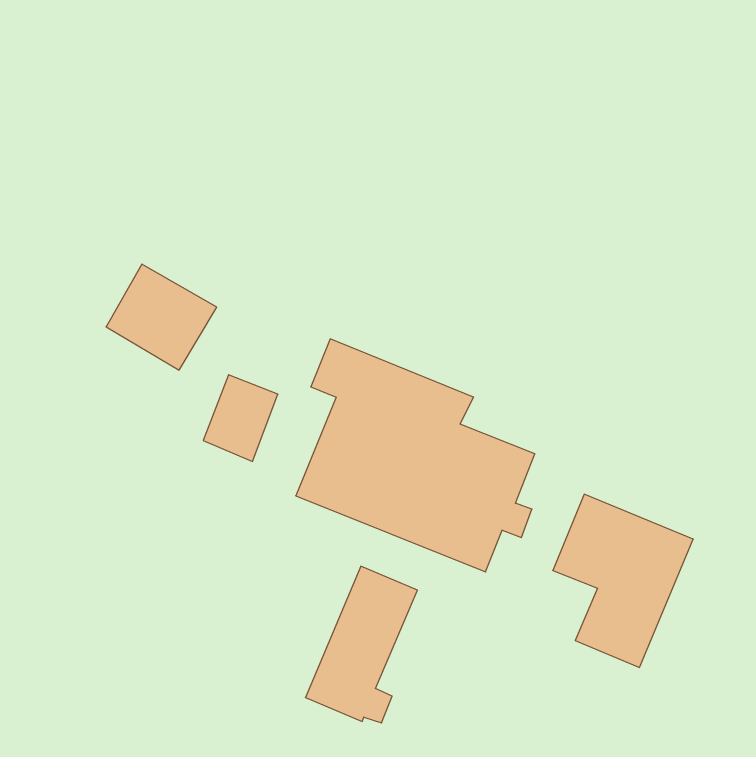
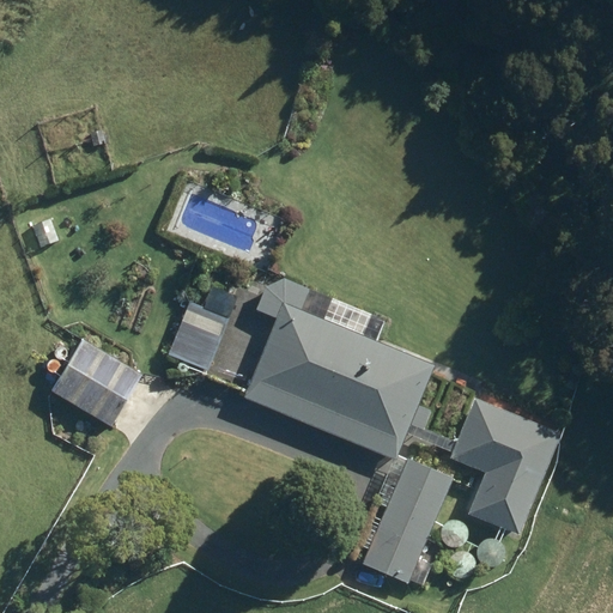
building: [106,264,217,370] -> [50,340,139,425]
building: [305,566,417,723] -> [363,459,453,584]

